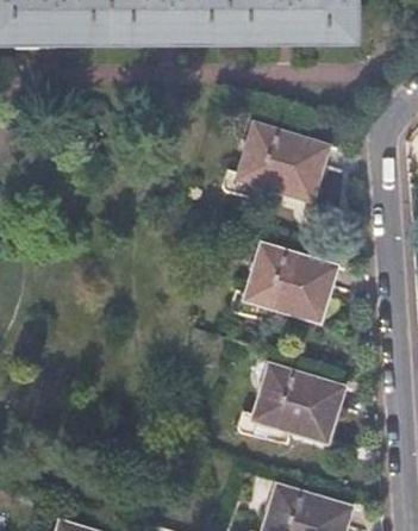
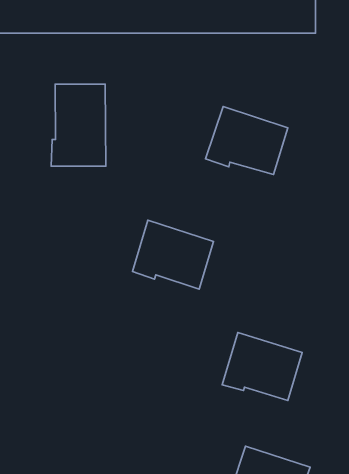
building: none -> [51,84,106,166]
building: [245,242,332,316] -> [132,220,214,289]

